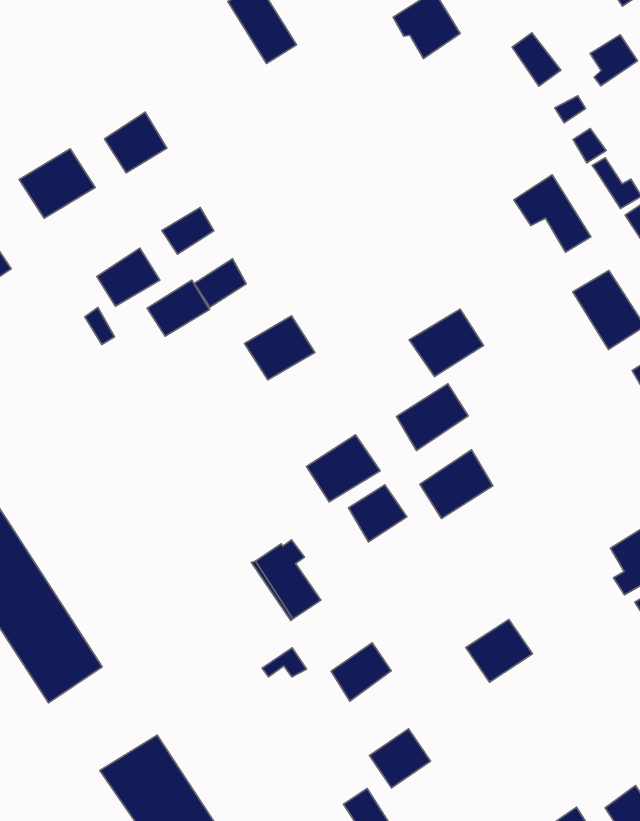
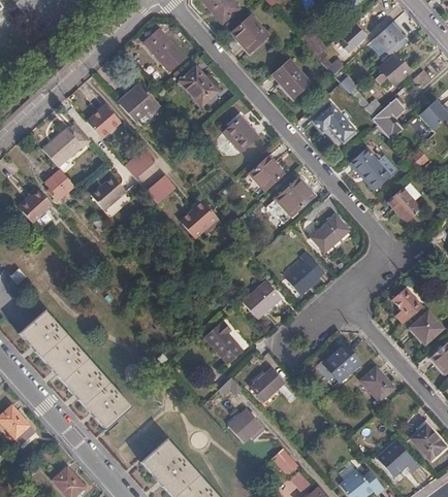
building: none -> [179,63,216,101]
building: none -> [114,77,156,117]
building: none -> [274,61,310,97]
building: none -> [223,117,257,151]
building: none -> [50,172,78,203]
building: none -> [253,151,288,186]
building: [147,280,210,336] -> none
building: [397,384,468,450] -> [311,214,349,253]
building: [306,435,380,502] -> none
building: none -> [361,366,395,402]
building: [370,729,430,788] -> [227,410,260,443]

